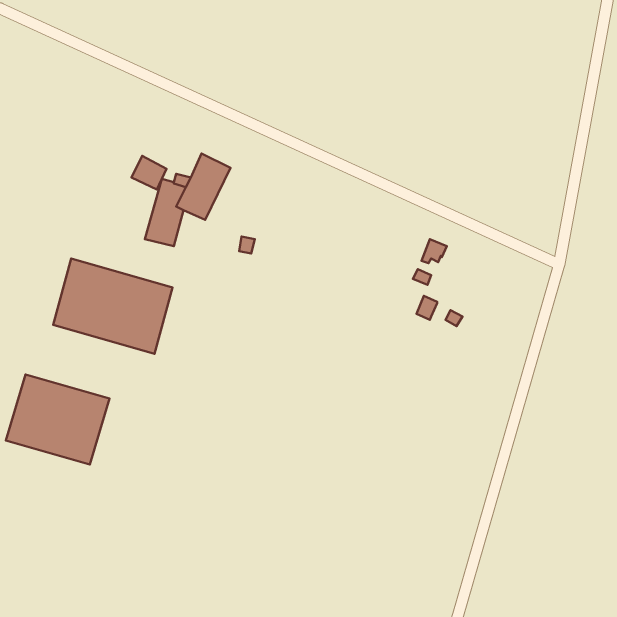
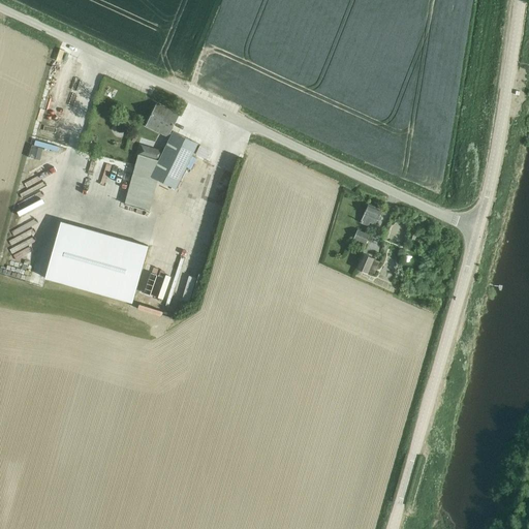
building: [131,156,166,189] -> [148,104,178,133]
building: [6,374,110,465] -> none

